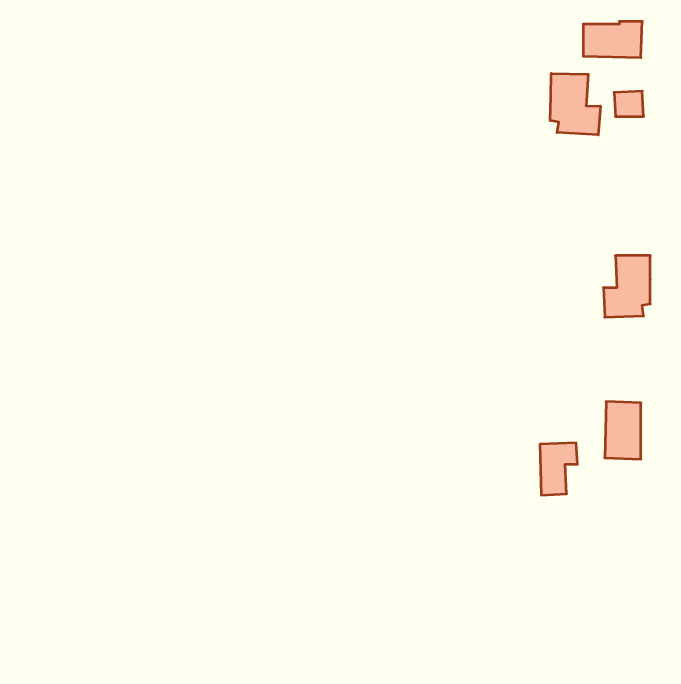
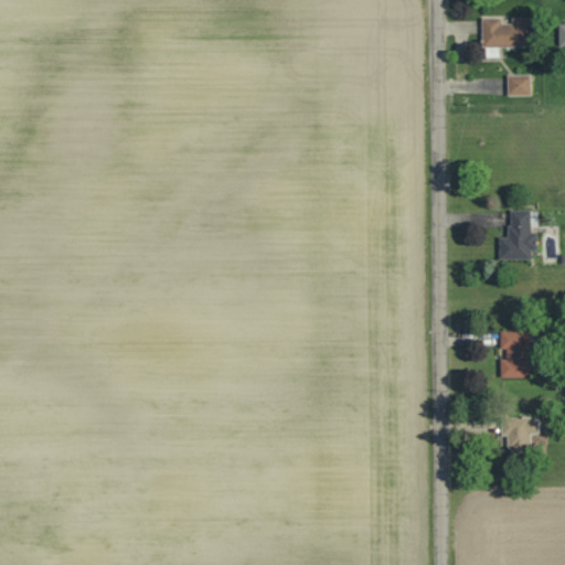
building: [550,73,600,135] -> none
building: [540,443,577,495] -> [508,417,539,460]

